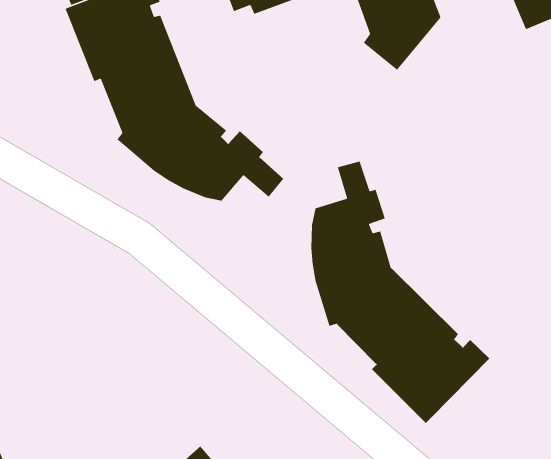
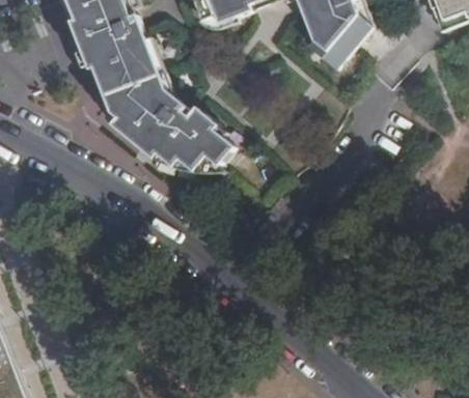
building: [310,160,490,424] -> none

